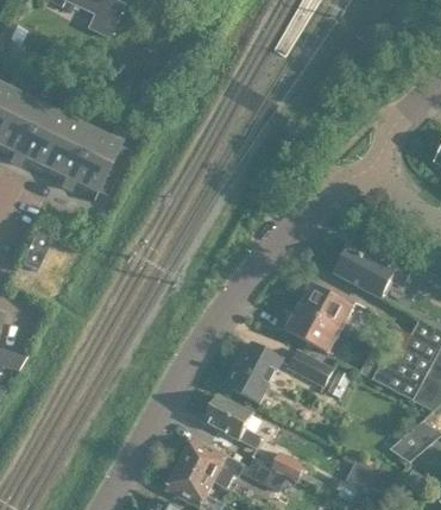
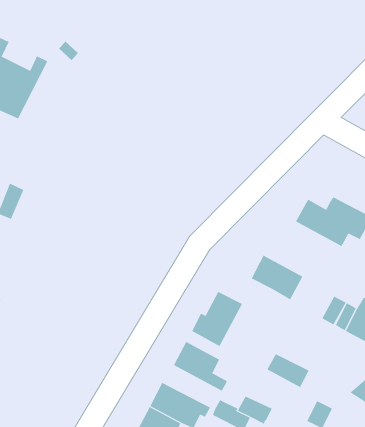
building: [43,103,127,199] -> none
building: [298,283,353,328] -> none
building: [288,351,333,386] -> [266,354,310,388]

